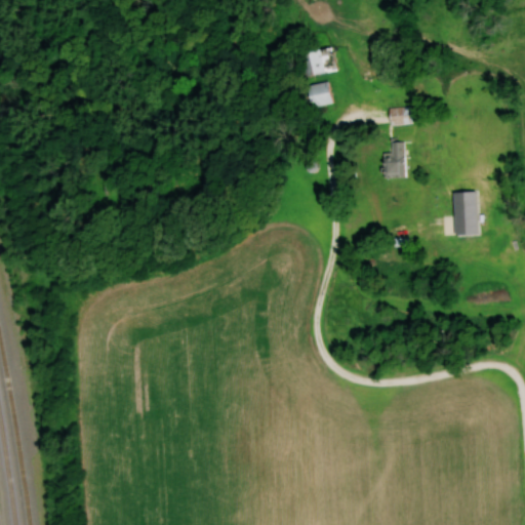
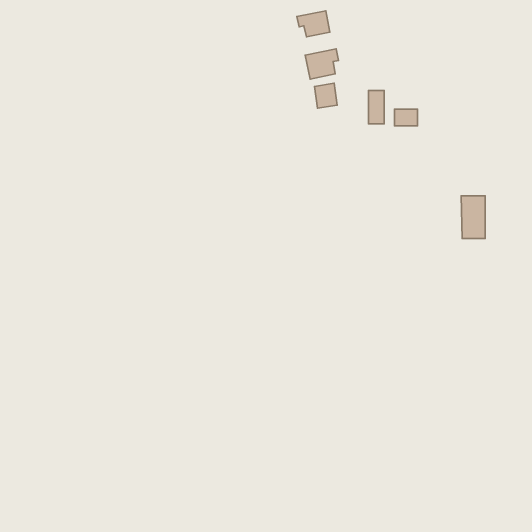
building: none -> [297,11,330,37]
building: [390,143,405,175] -> [369,90,384,124]

